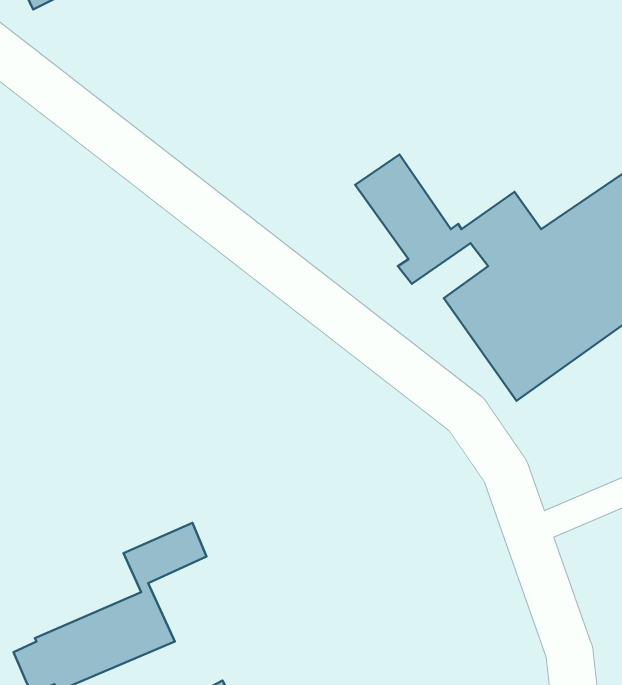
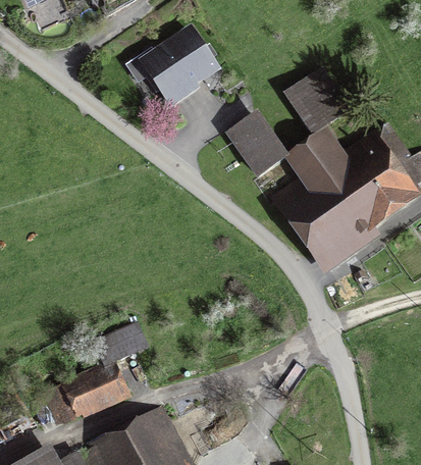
building: none -> [144,31,213,104]
building: none -> [286,66,349,131]

